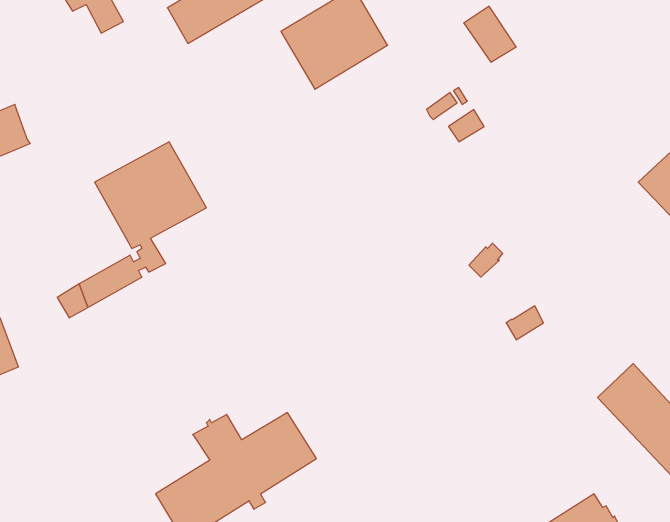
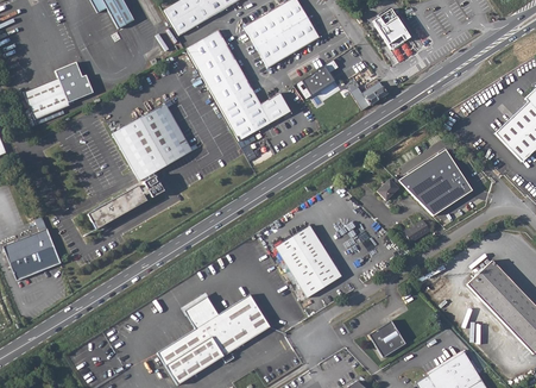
building: none -> [187,29,290,139]
building: none -> [53,61,94,101]
building: none -> [301,64,334,94]
building: none -> [399,148,472,214]
building: none -> [275,225,340,296]
building: none -> [367,320,404,357]

